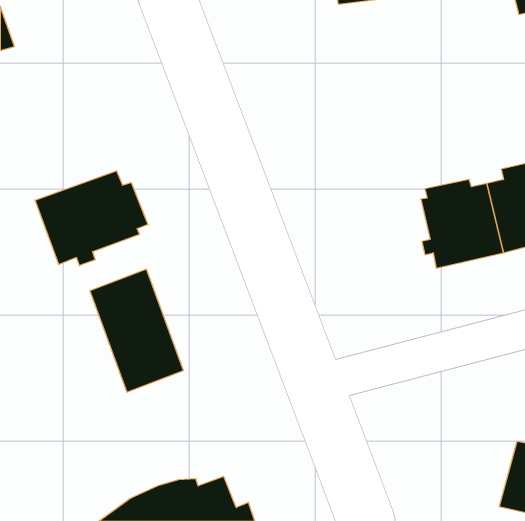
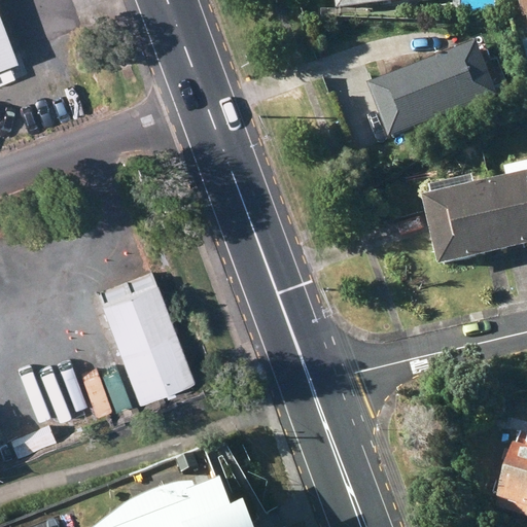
building: none -> [371,38,501,136]
building: [35,171,148,266] -> none

